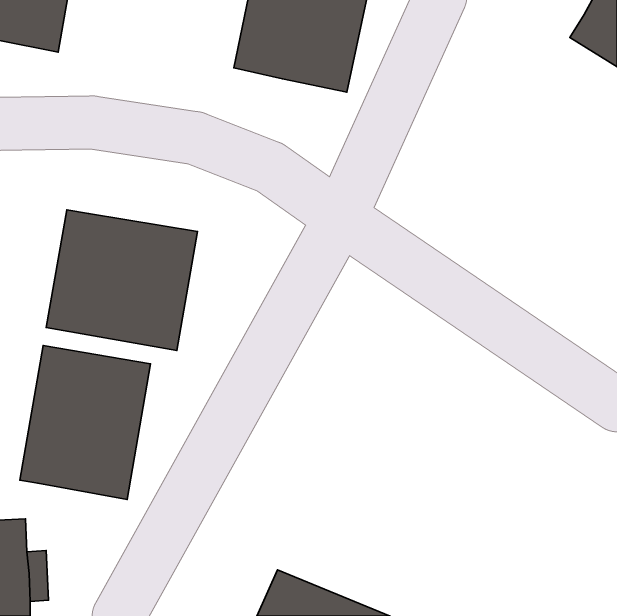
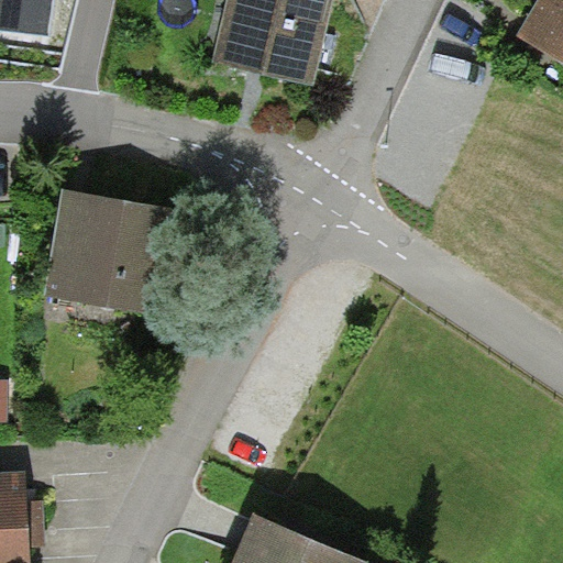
building: [20,346,151,500] -> none

